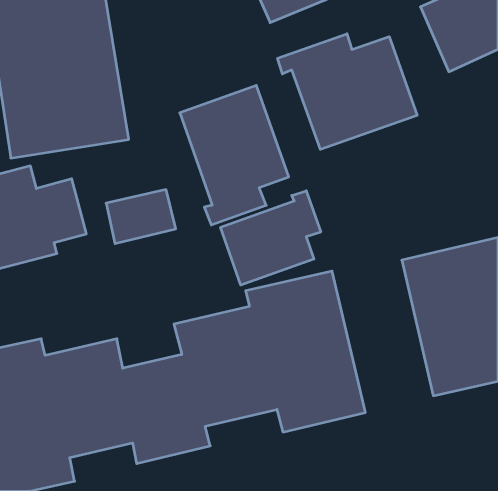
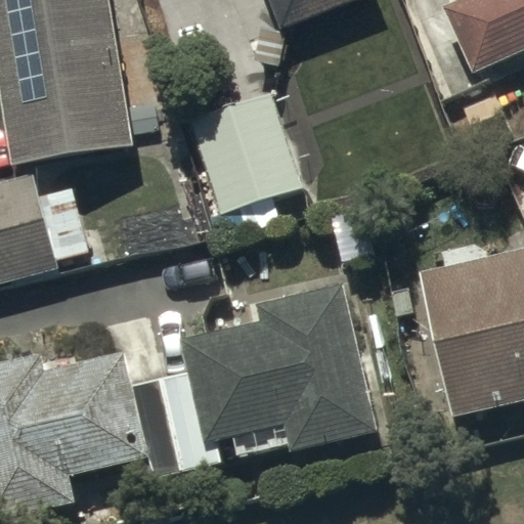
building: [278,34,417,149] -> none
building: [221,191,321,285] -> none

